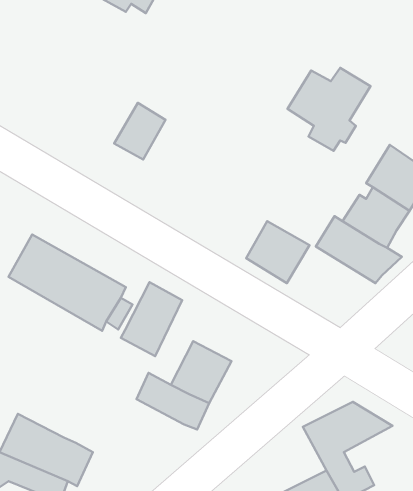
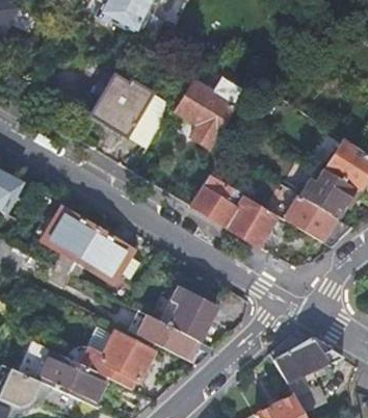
building: [287,68,370,151] -> [174,78,239,143]
building: none -> [87,82,146,134]
building: none -> [191,171,244,225]
building: [121,282,182,356] -> none
building: none -> [94,332,152,389]

